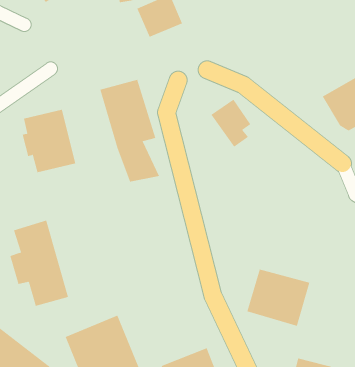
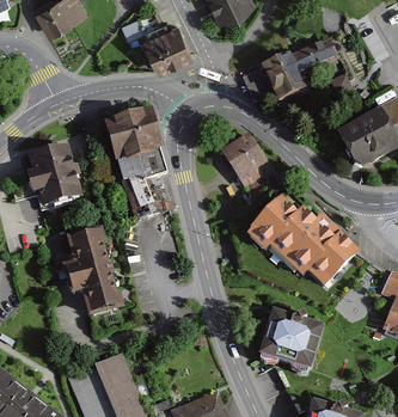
building: none -> [259,36,329,99]
building: none -> [245,192,360,284]
building: [10,220,69,307] -> [62,226,123,315]

